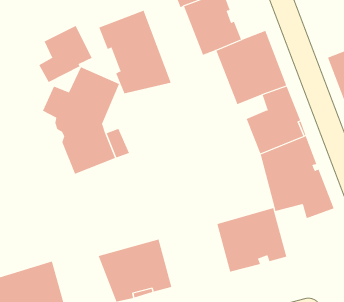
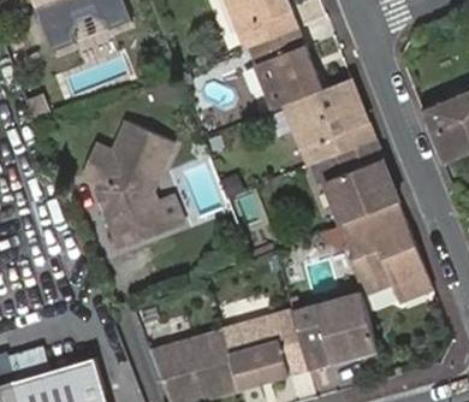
building: [99,10,171,94] -> none
building: [38,25,92,83] -> none
building: none -> [221,308,305,384]

